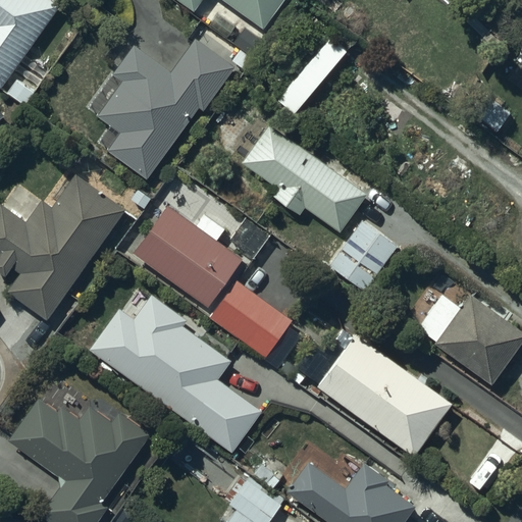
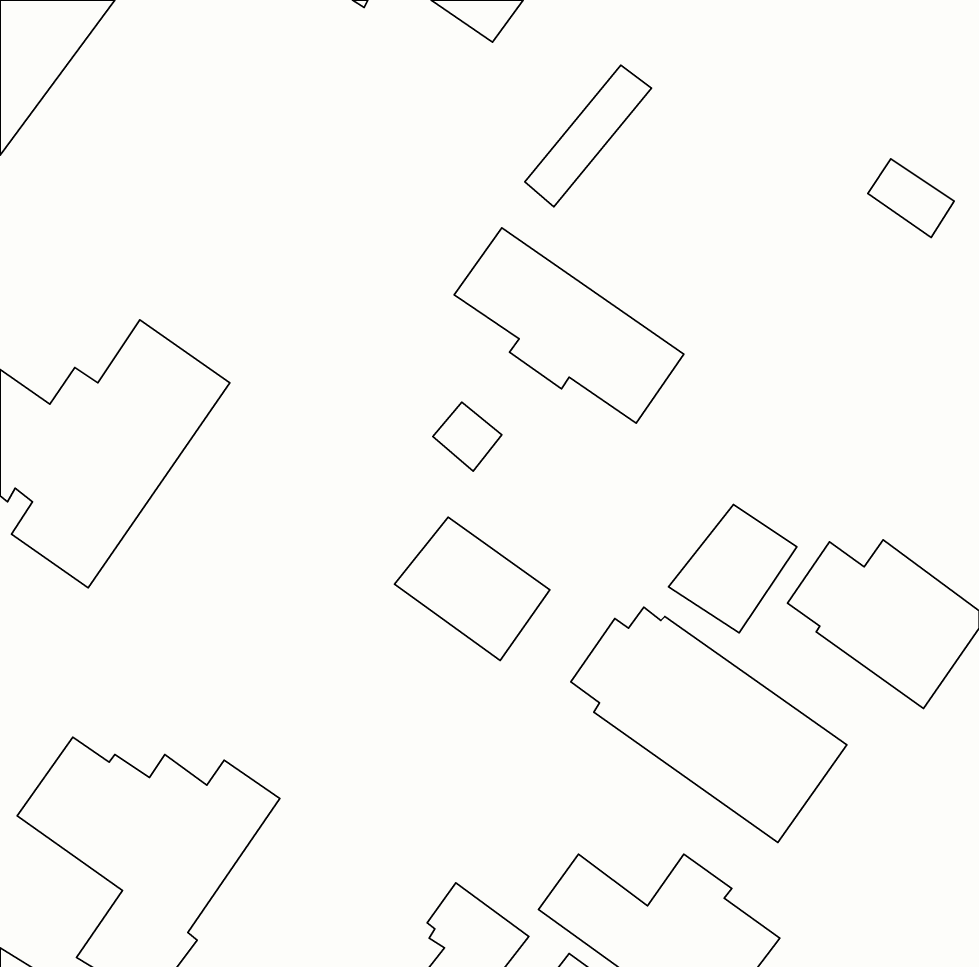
building: [88,39,233,177] -> none
building: [134,207,241,306] -> none
building: [327,221,396,290] -> [668,505,797,633]
building: [89,295,261,451] -> none

